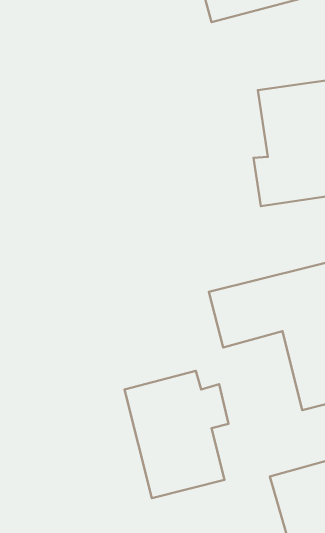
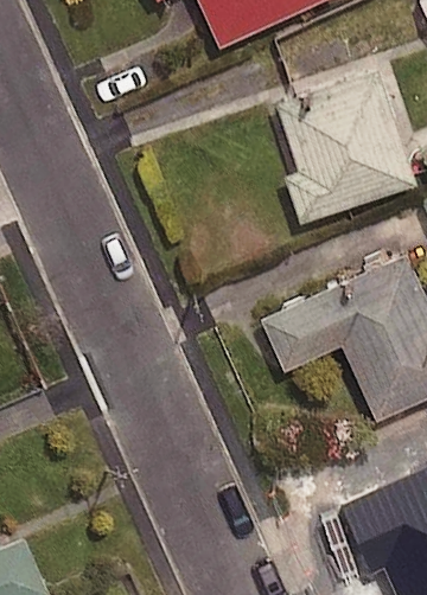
building: [125,371,228,498] -> none

